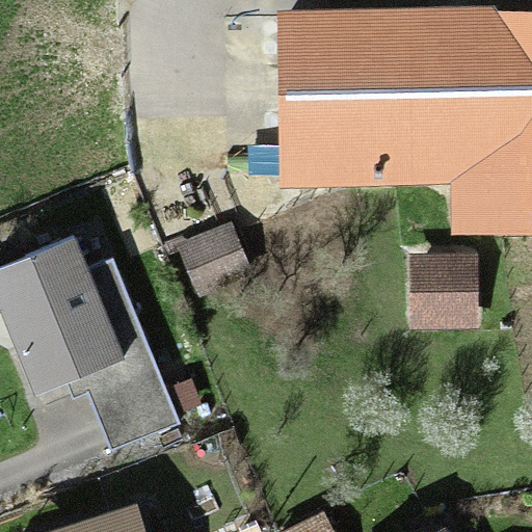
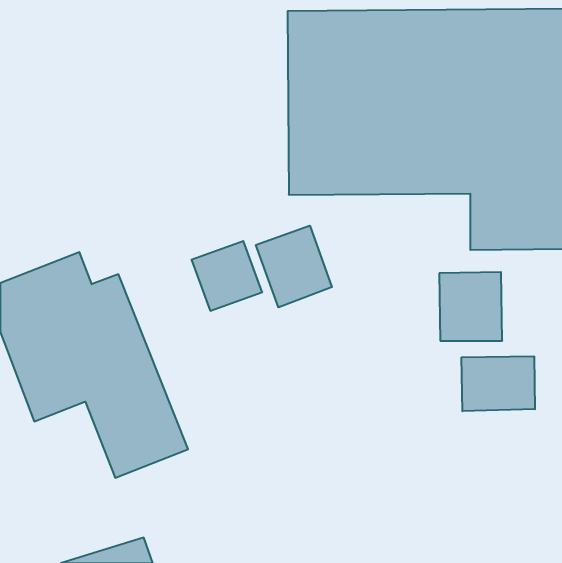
building: none -> [256,226,332,307]
building: none -> [462,356,535,411]

